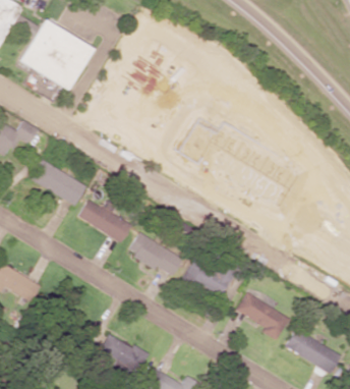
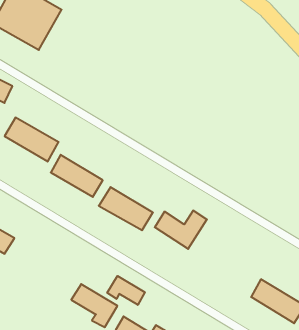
building: [237,292,291,340] -> none
building: none -> [107,276,145,305]

